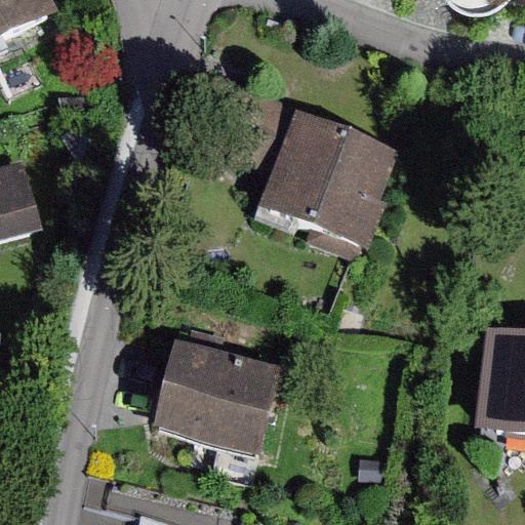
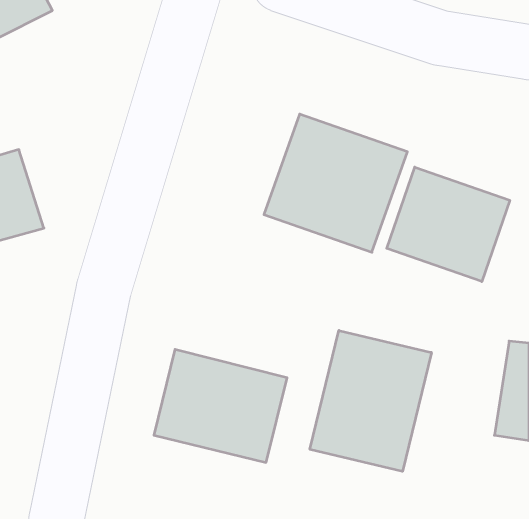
building: none -> [387,167,510,282]
building: none -> [310,330,431,471]

